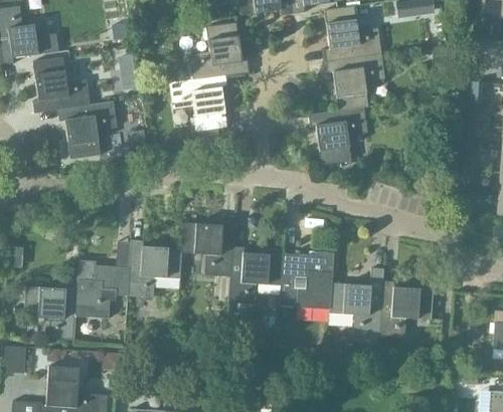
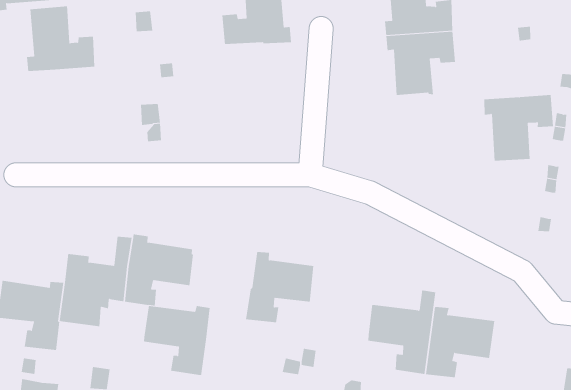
building: [170,74,227,131] -> none
building: [57,101,117,160] -> none
building: [309,106,368,164] -> [484,94,554,161]
building: [181,219,234,276] -> [143,305,211,376]
building: [280,251,334,307] -> none

